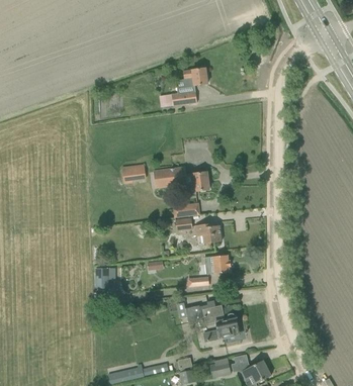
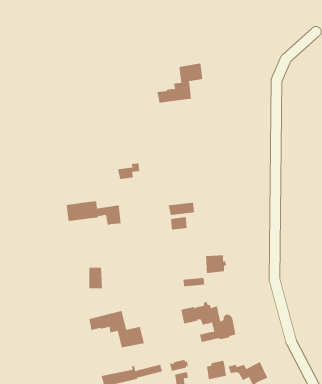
building: [155,168,209,192] -> [66,201,122,226]
building: [195,224,222,244] -> none
building: none -> [89,310,145,348]

